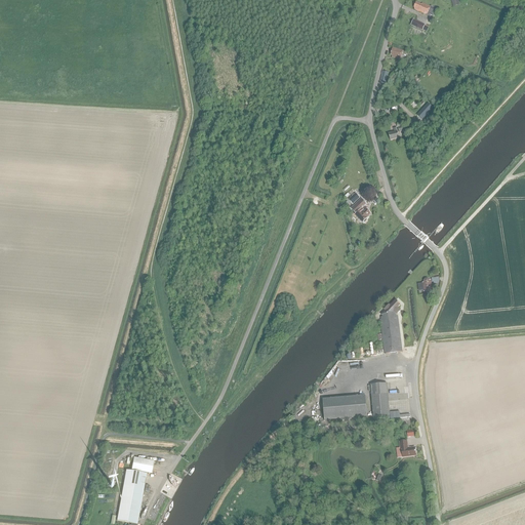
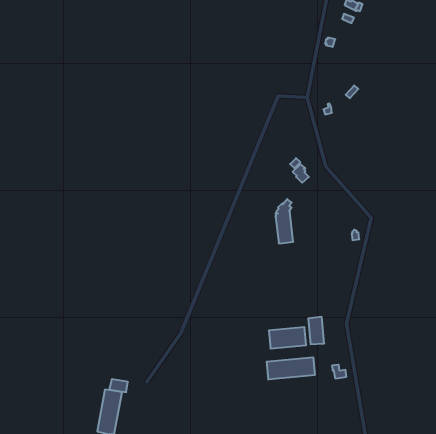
building: [380,297,402,351] -> [275,199,293,243]
building: none -> [267,357,315,380]

